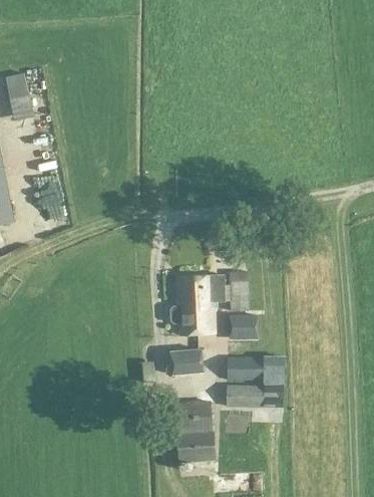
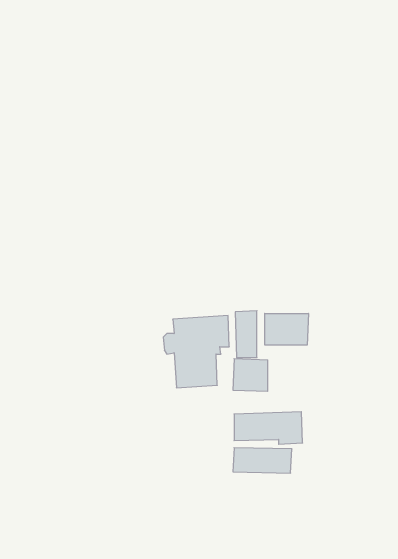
building: none -> [265,313,308,345]
building: [170,349,203,375] -> none
building: [174,392,214,461] -> none

